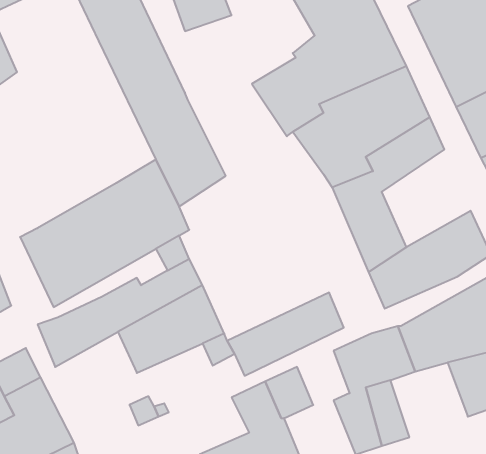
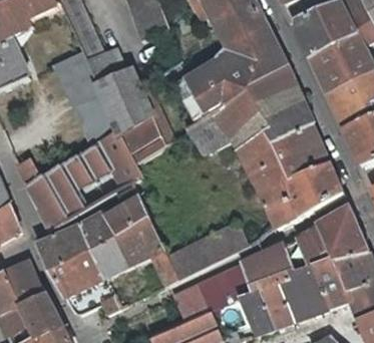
building: none -> [49,49,117,146]
building: none -> [184,111,233,157]
building: none -> [273,123,334,191]
building: none -> [48,249,104,296]
building: none -> [279,270,332,321]

